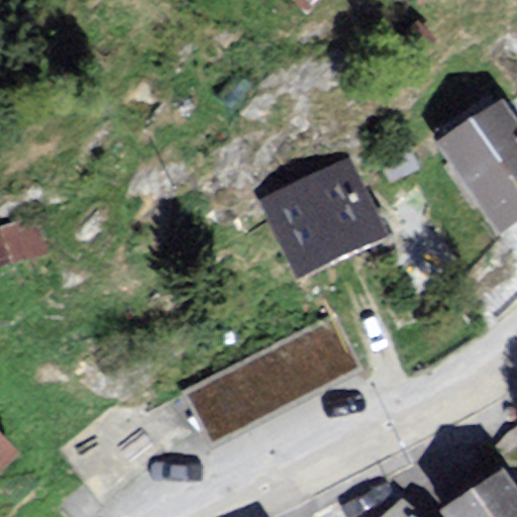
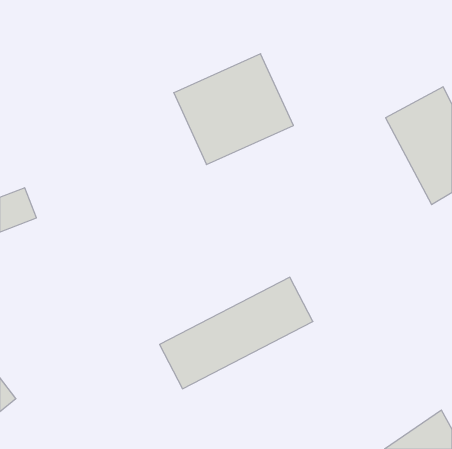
building: [263,157,399,283] -> [174,54,293,165]

